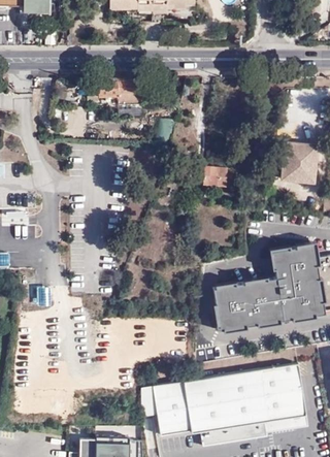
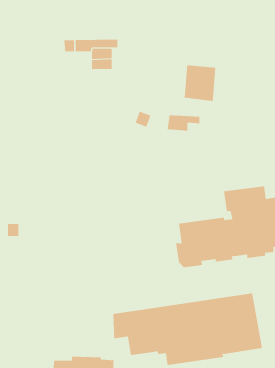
building: [280,140,317,182] -> [184,65,216,102]

